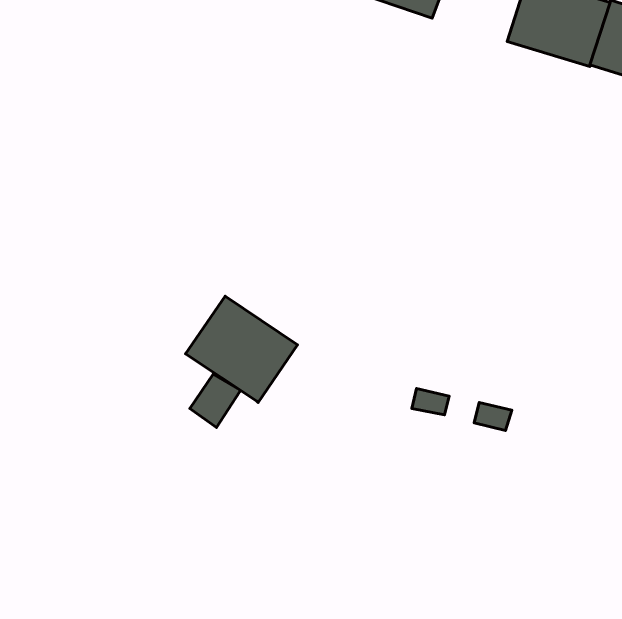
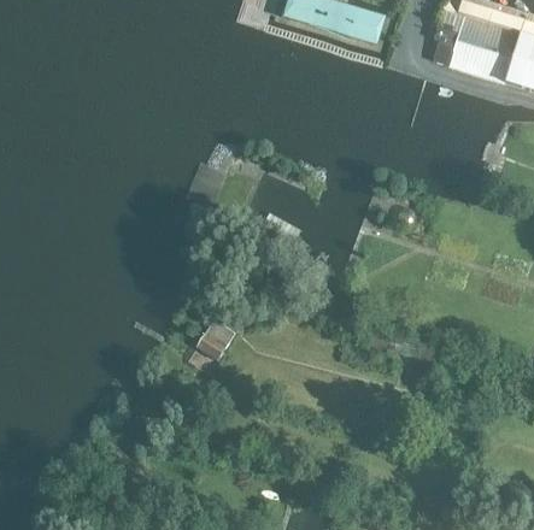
building: [186,296,298,403] -> none

